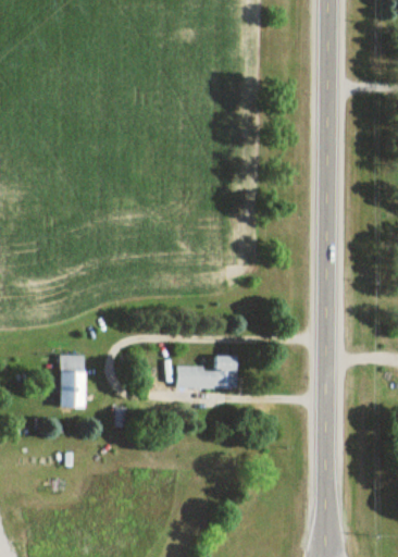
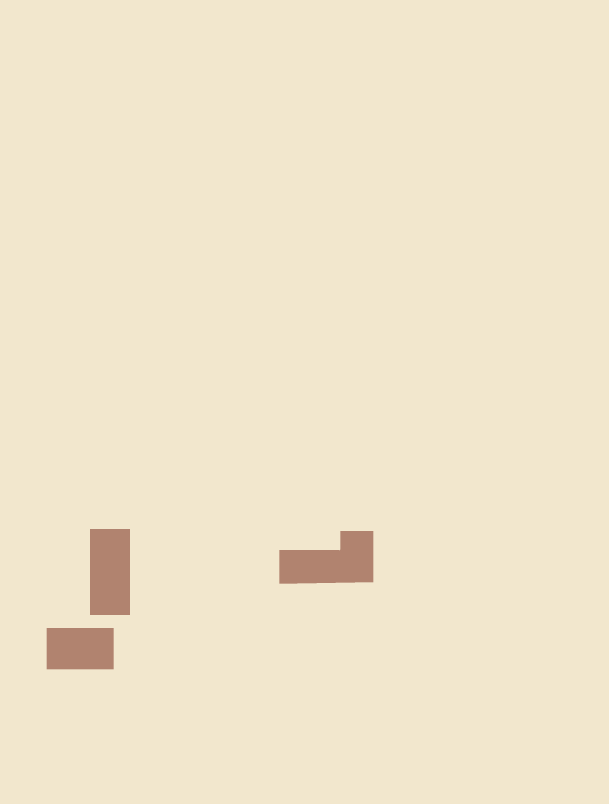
building: none -> [46,627,114,670]

